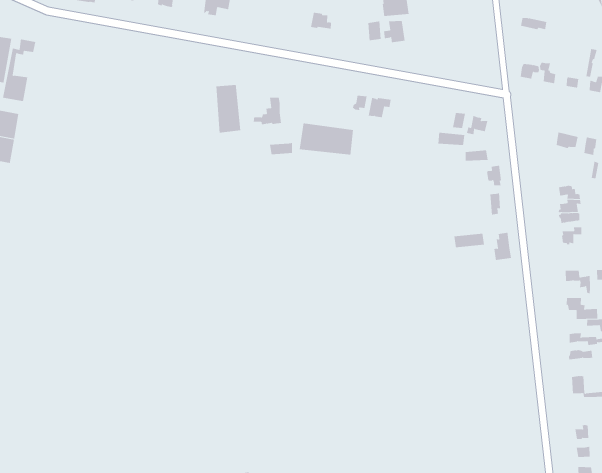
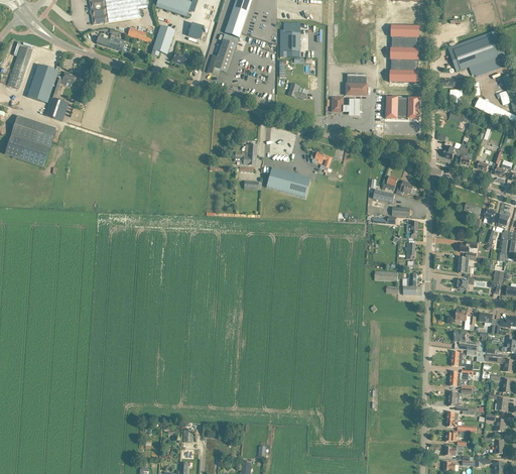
building: none -> [385,96,419,118]
building: [216,84,241,133] -> none

